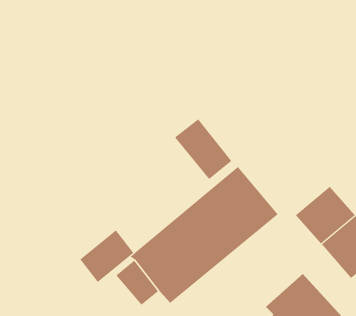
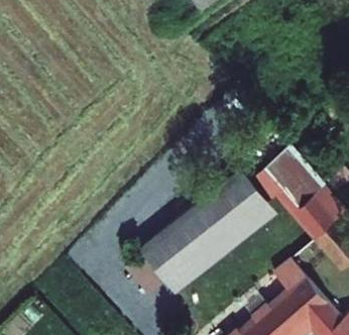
building: [174,119,232,180] -> [262,151,315,207]
building: [80,229,134,283] -> none

